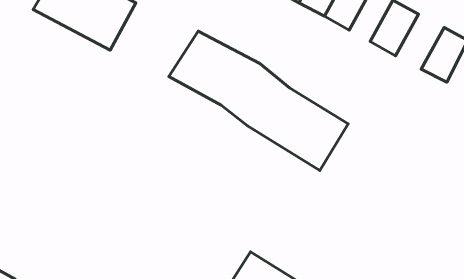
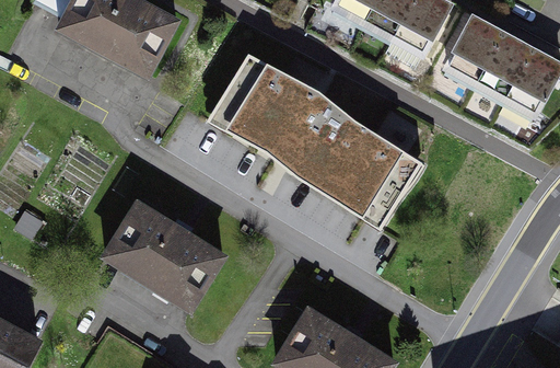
building: none -> [477,34,533,97]
building: none -> [106,203,223,308]

